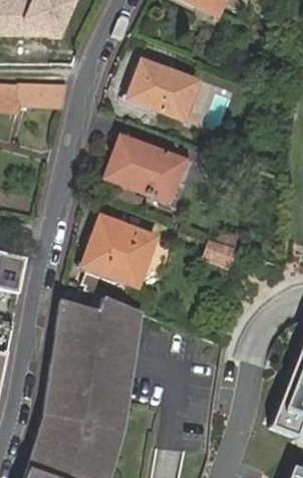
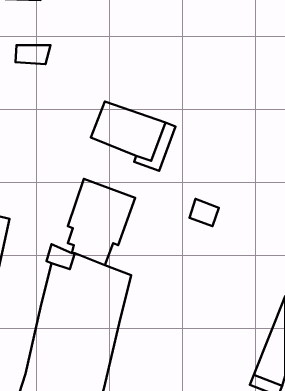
building: [131,62,191,116] -> none

